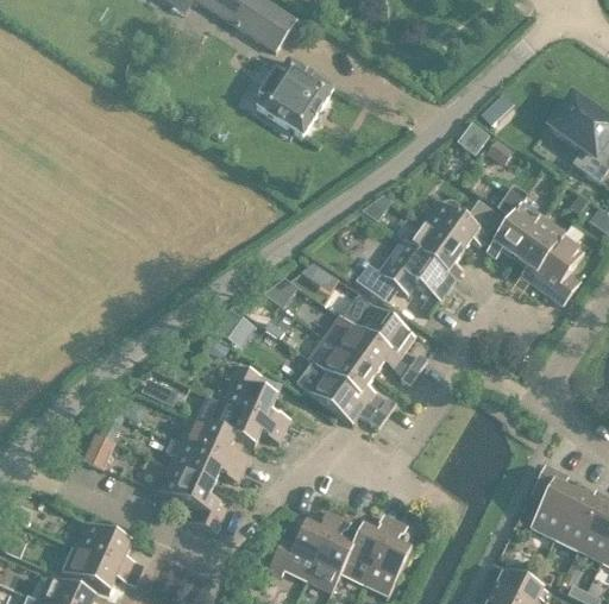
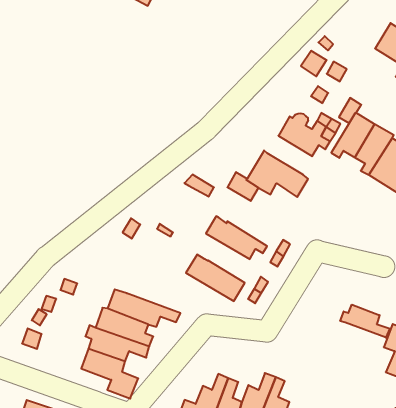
building: [256,58,333,137] -> none
building: [407,224,462,279] -> none
building: [340,296,413,358] -> none
building: [308,336,375,401] -> none
building: [220,363,289,432] -> none
building: none -> [340,305,390,338]

